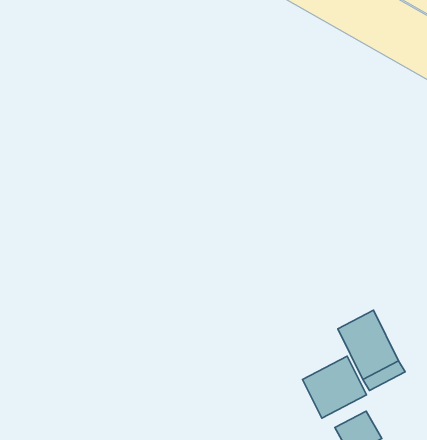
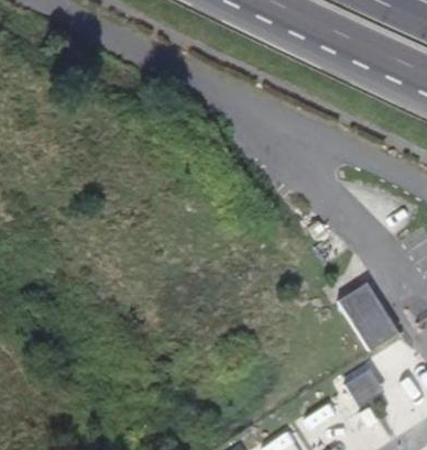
building: [302,356,366,418] -> none

